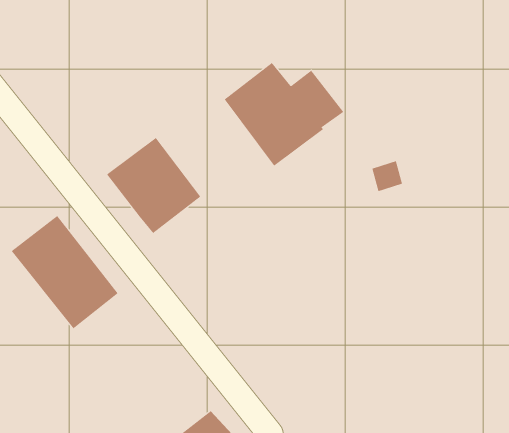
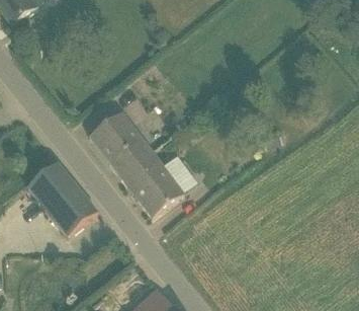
building: [224,62,344,167] -> [119,148,197,216]

